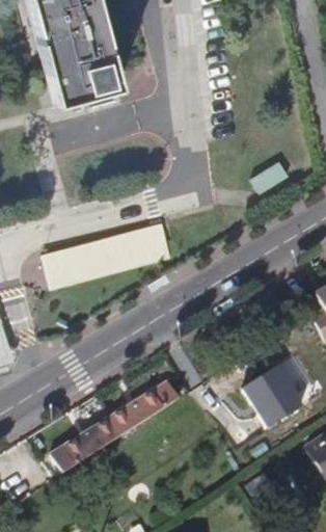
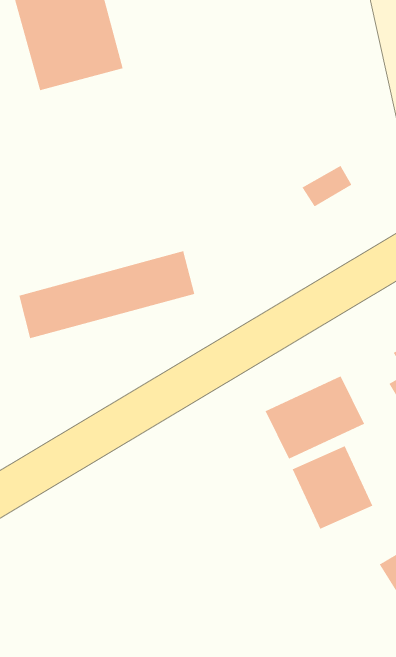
building: none -> [265,376,365,460]
building: [53,380,181,472] -> none

